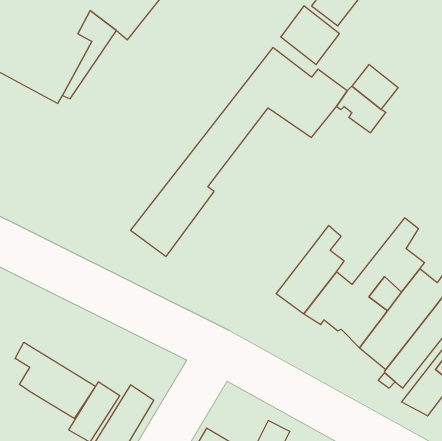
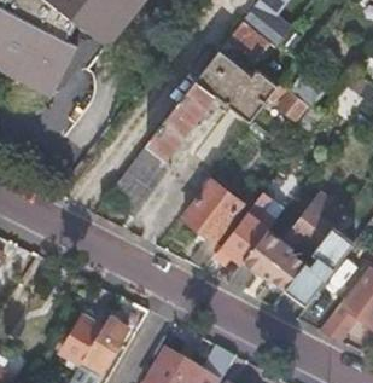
building: none -> [183,180,243,240]
building: [15,342,95,418] -> none

